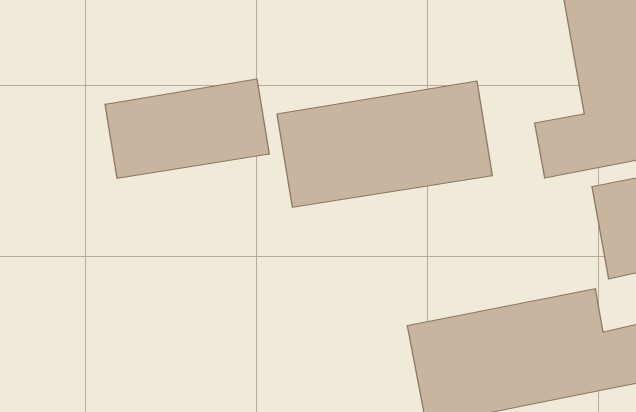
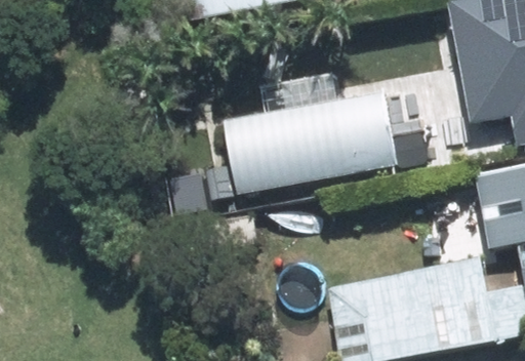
building: [105,79,269,178] -> none

